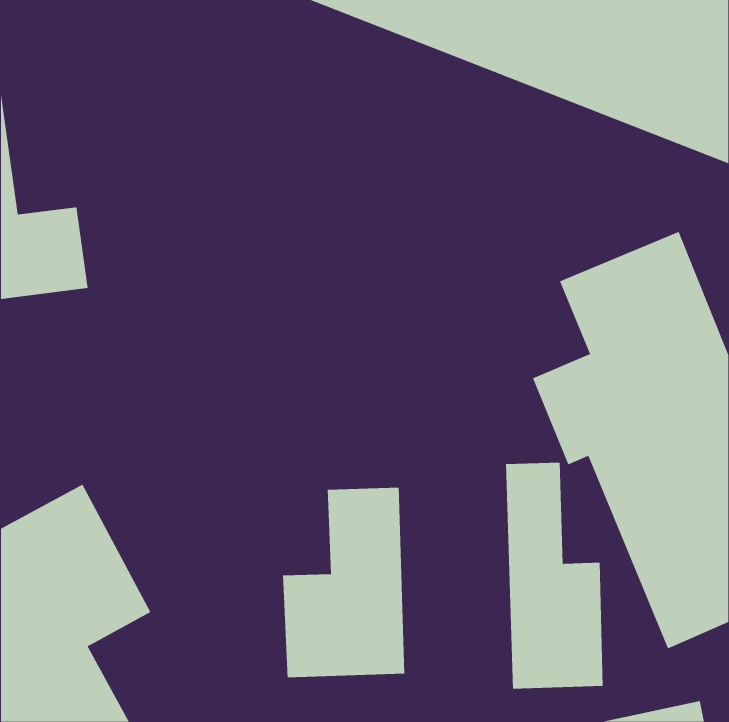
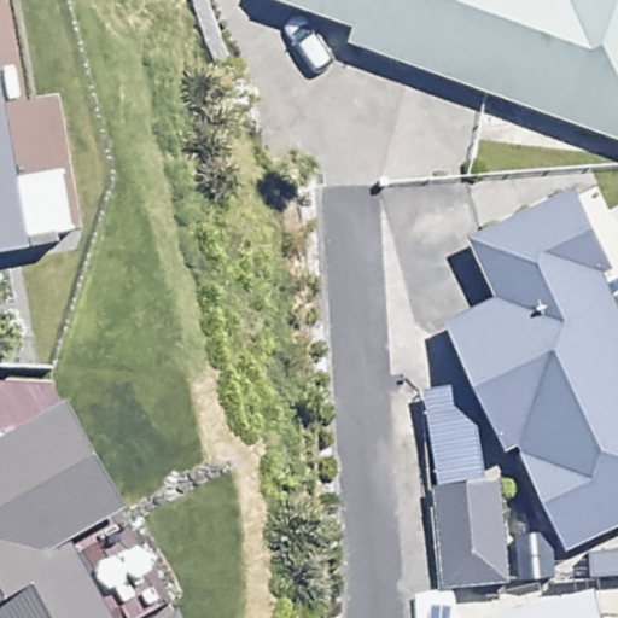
building: [283,487,405,678] -> none

